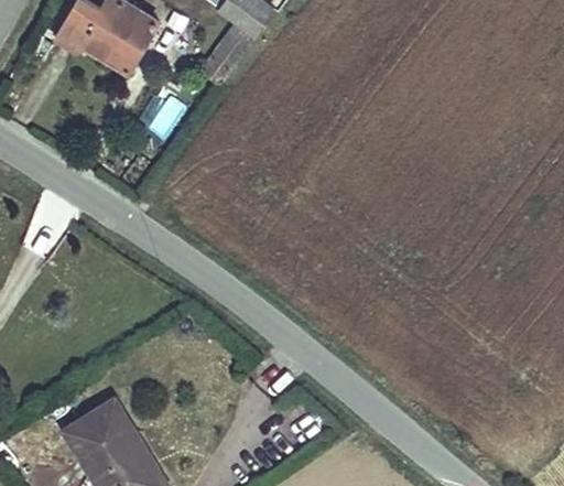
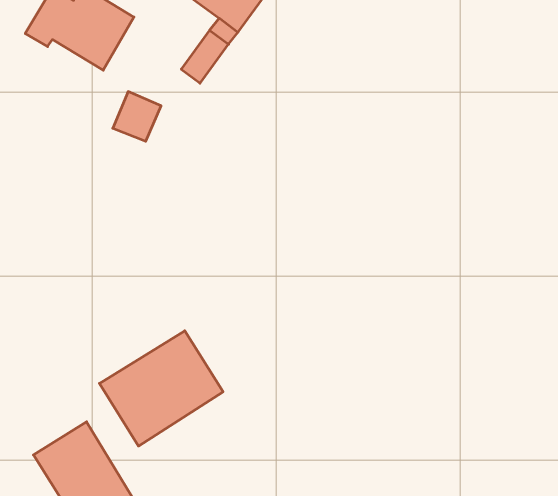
building: none -> [99,331,223,446]

